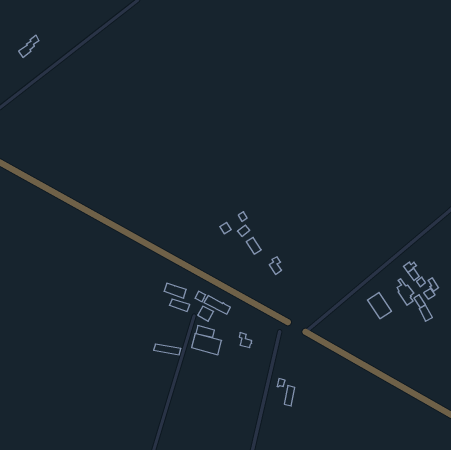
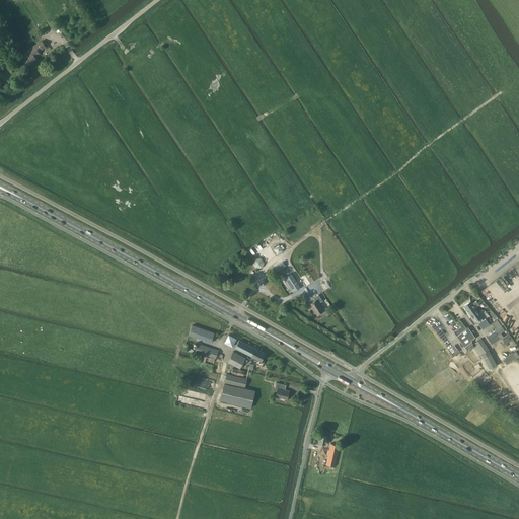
building: [367,292,391,319] -> none

